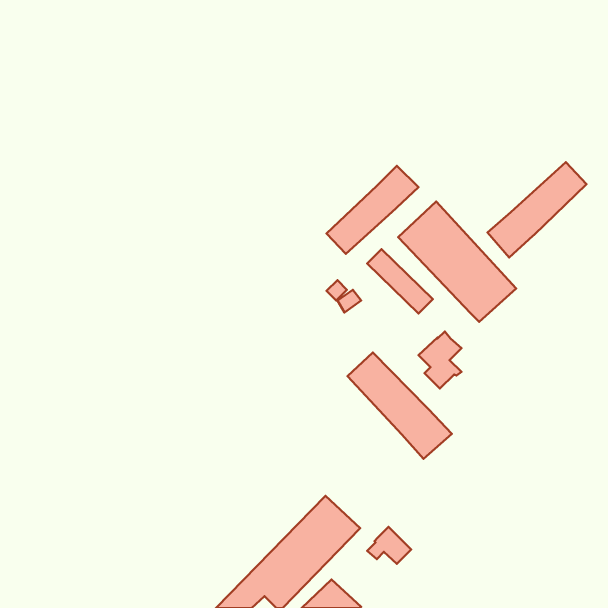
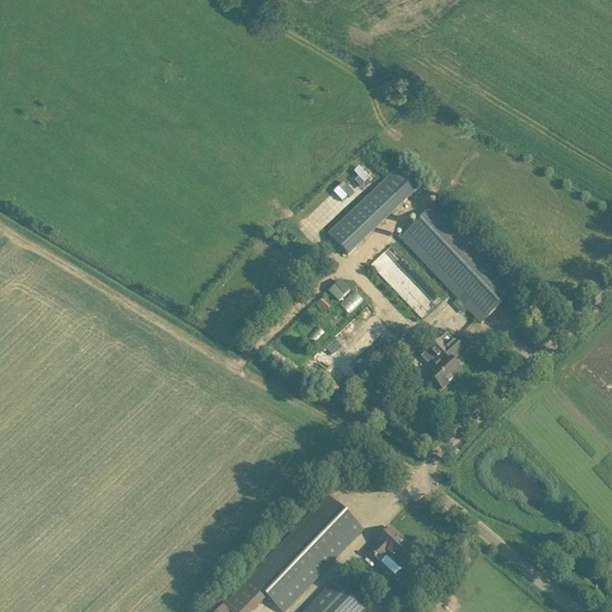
building: [488,162,586,257] -> none
building: [348,353,452,459] -> none

